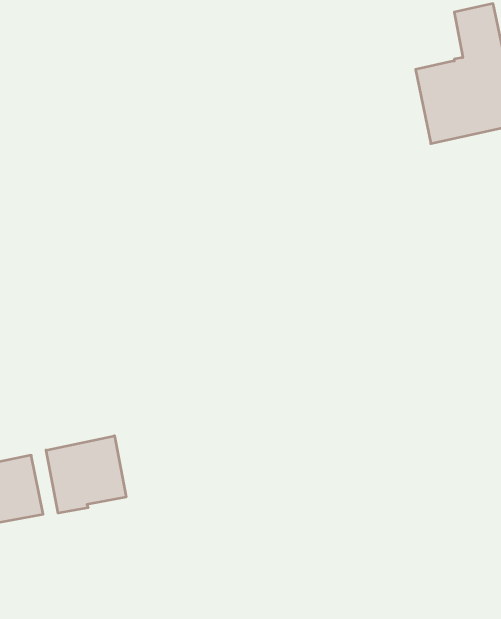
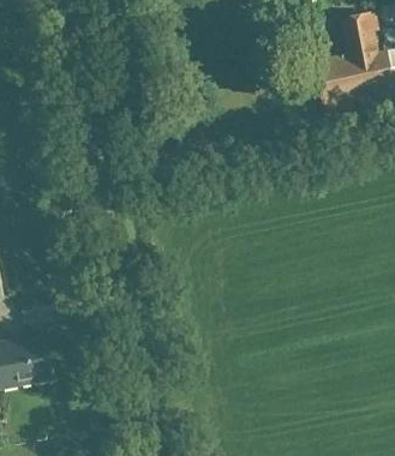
building: [46,436,126,513] -> none

